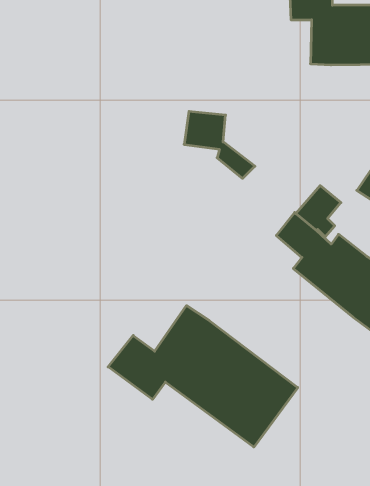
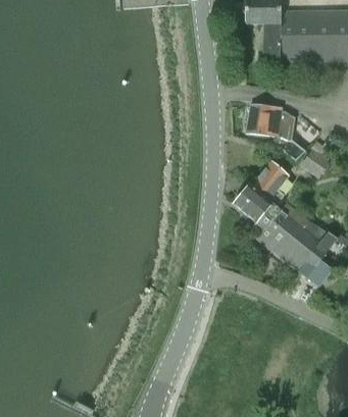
building: [184,111,255,178] -> [246,104,305,160]
building: [108,306,298,447] -> none

